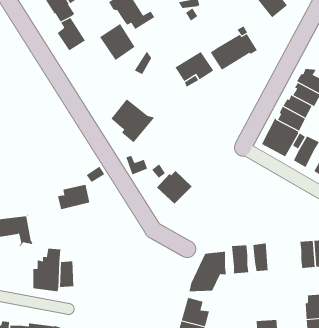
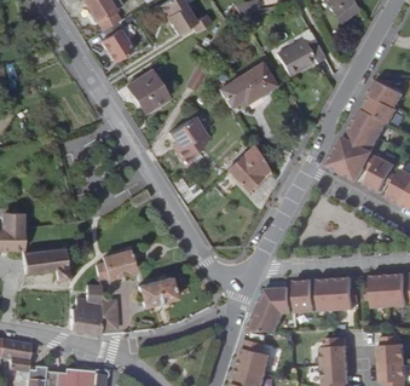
building: [99,23,135,61] -> [126,69,167,111]
building: [156,170,193,205] -> [226,154,267,192]
building: [57,184,90,210] -> [97,249,134,278]
building: none -> [138,275,177,305]
building: none -> [335,276,354,309]
building: none -> [322,336,347,365]

